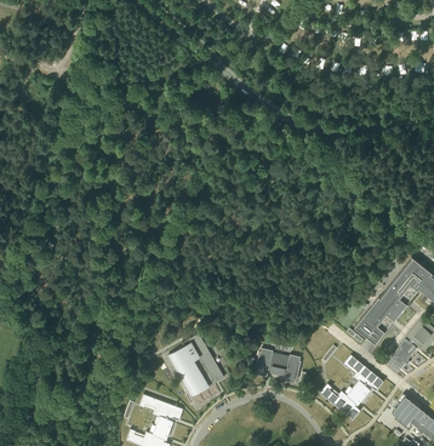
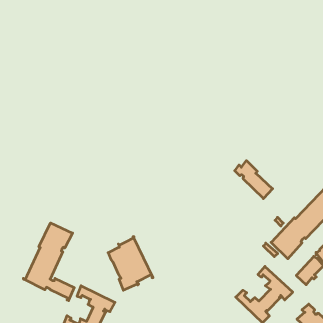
building: none -> [235,161,273,199]
building: none -> [23,223,74,301]
building: [253,348,301,384] -> none

